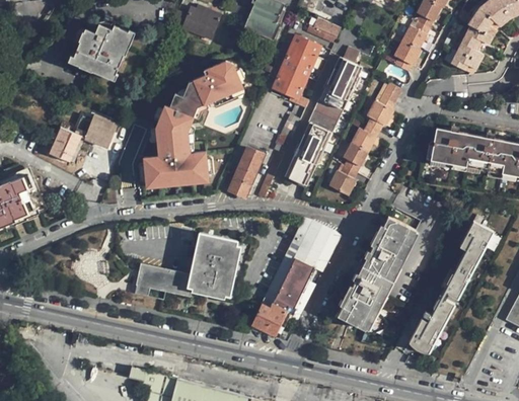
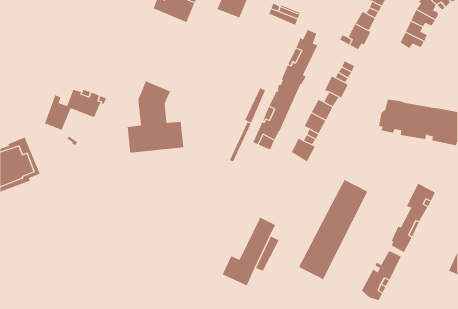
building: [74,24,129,74] -> none
building: [274,35,320,107] -> none
building: [169,59,247,117] -> none
building: [229,147,264,197] -> none
building: [262,219,342,307] -> none
building: [135,235,241,303] -> none

